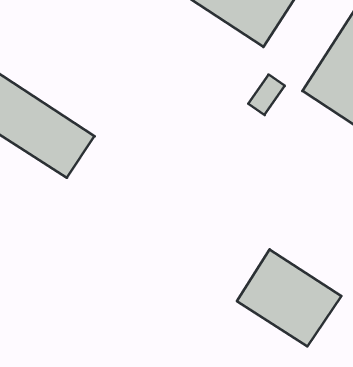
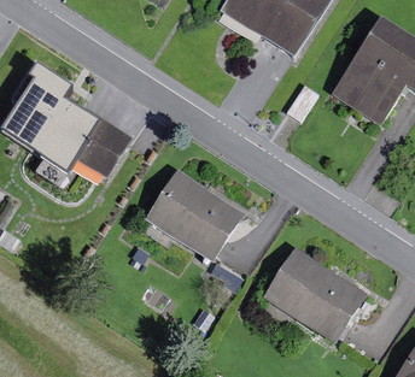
building: none -> [145,170,241,260]

